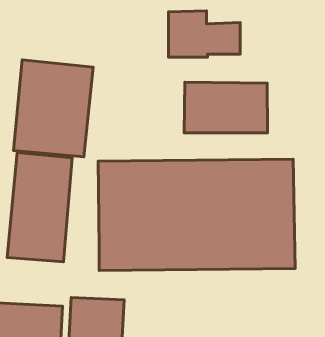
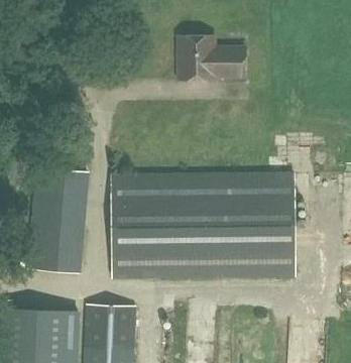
building: [14,60,93,157] -> none
building: [184,82,267,133] -> none

